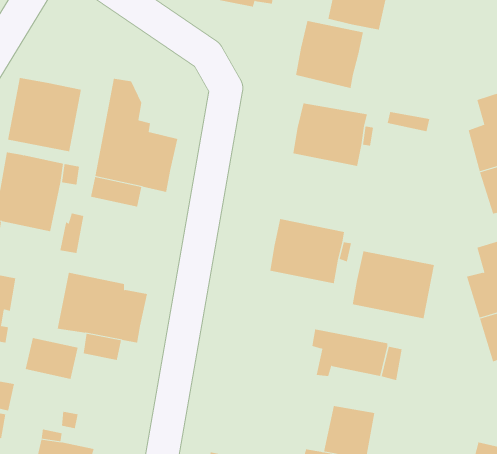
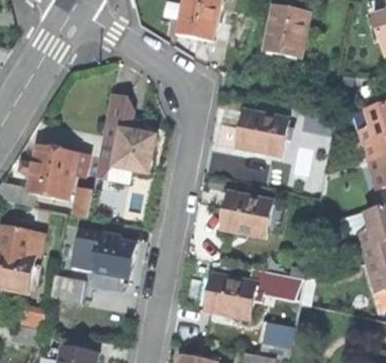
building: [295,20,363,89] -> none
building: [8,77,82,152] -> none
building: [352,250,435,319] -> none
building: none -> [204,271,258,317]

